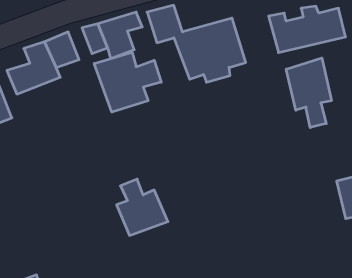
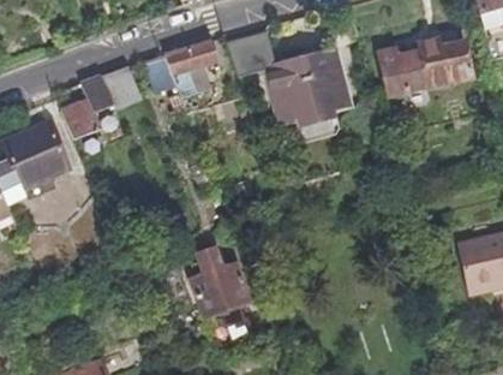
building: [94,52,161,112] -> none
building: [286,58,331,128] -> none

